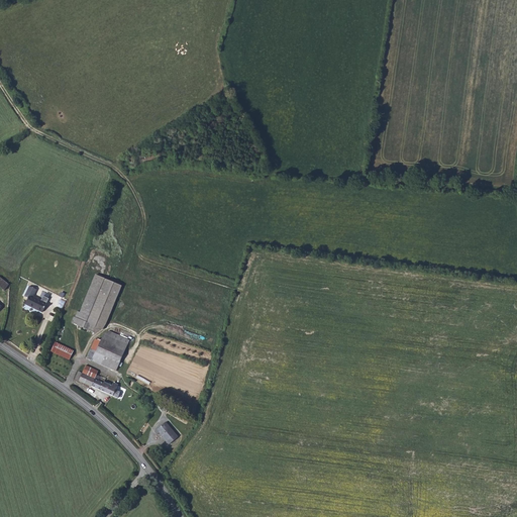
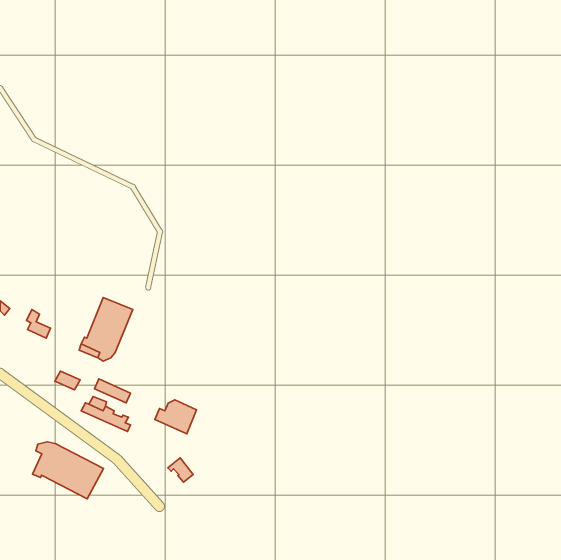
building: [91,330,129,361] -> [155,400,197,434]
building: none -> [33,442,103,499]

